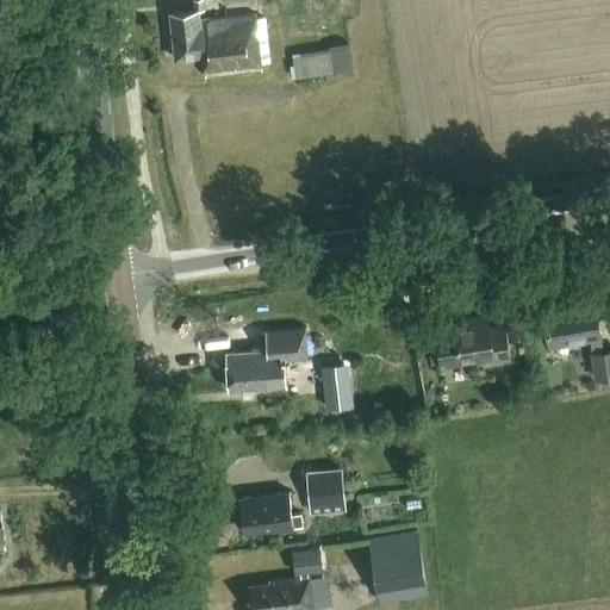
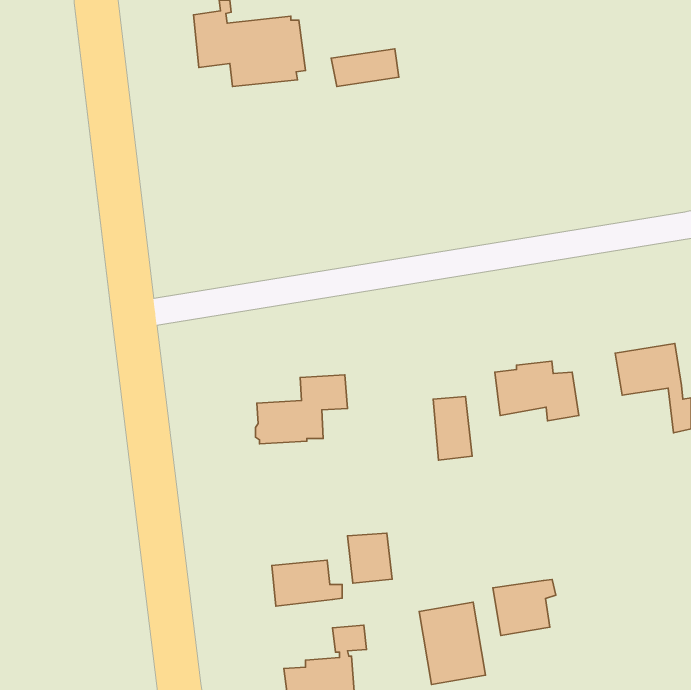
building: [322,365,356,421] -> [433,397,472,460]
building: none -> [493,580,556,636]

